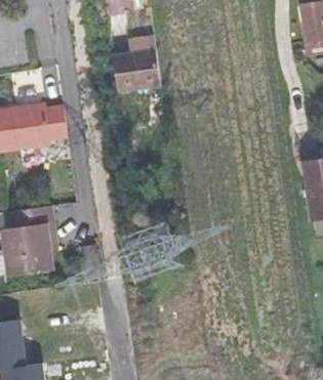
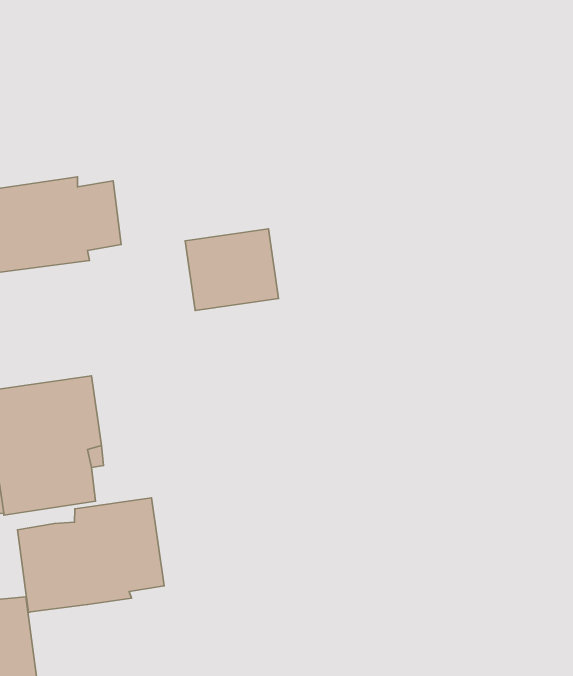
building: [113,50,161,92] -> [185,229,279,310]
building: none -> [18,498,164,613]

